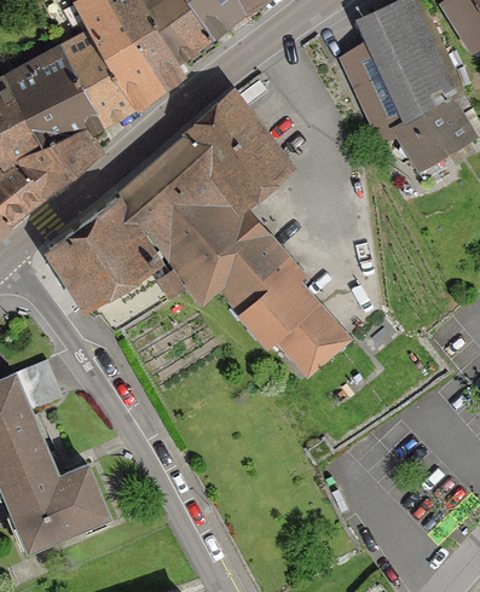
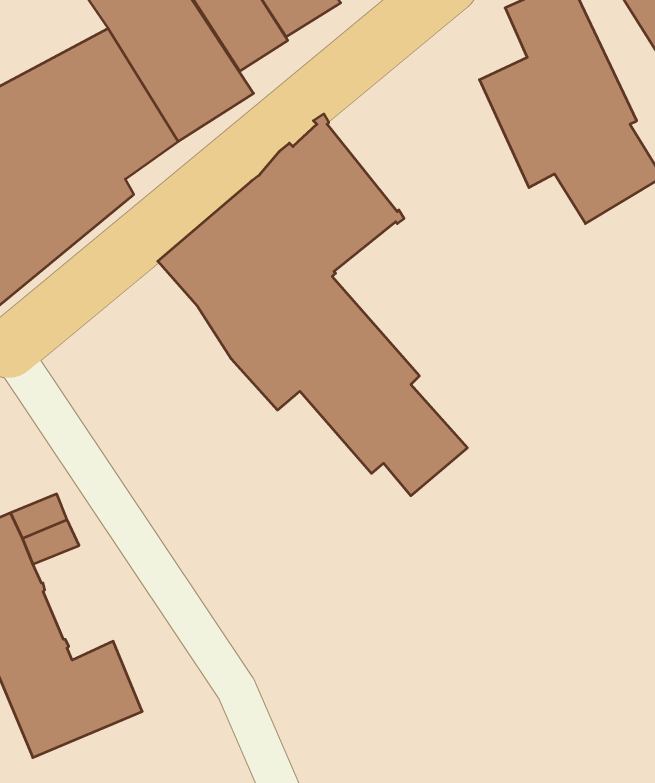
building: [47,195,183,330] -> none

